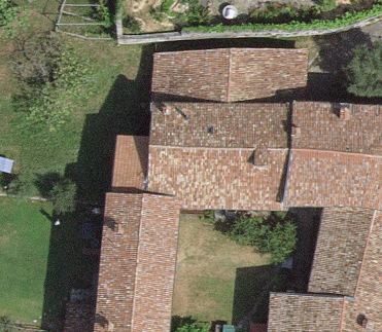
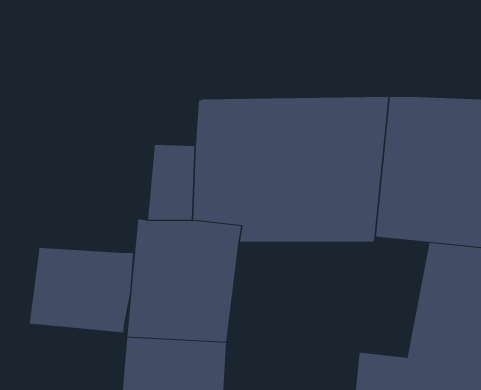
building: [153,49,310,102] -> none
building: none -> [29,247,134,333]

